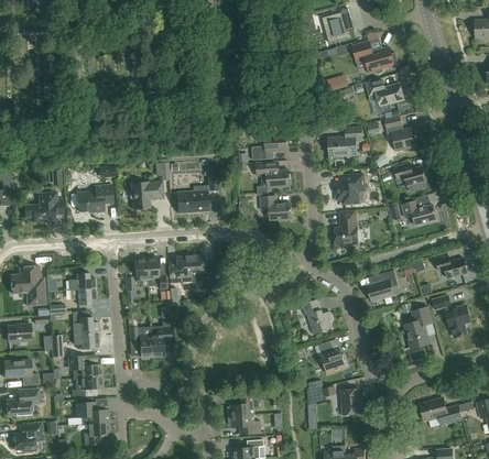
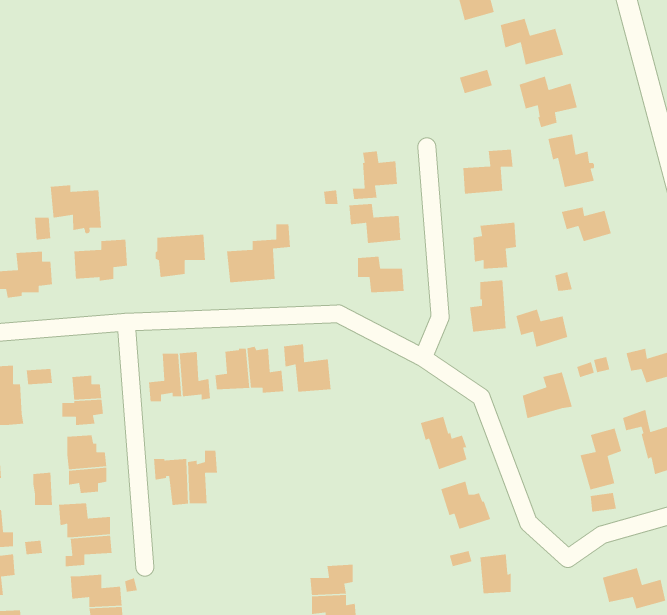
building: none -> [50,185,102,234]
building: [402,199,436,225] -> [516,309,568,348]
building: none -> [283,344,332,393]

